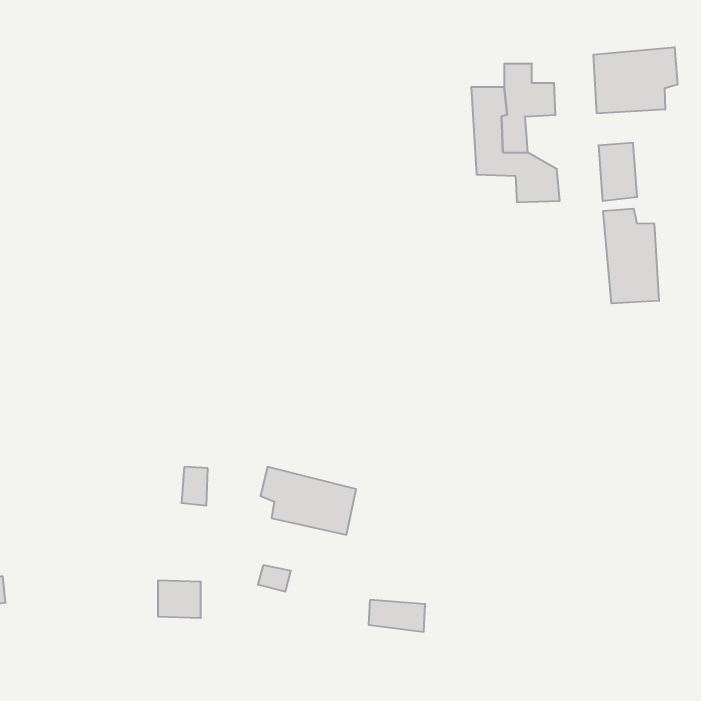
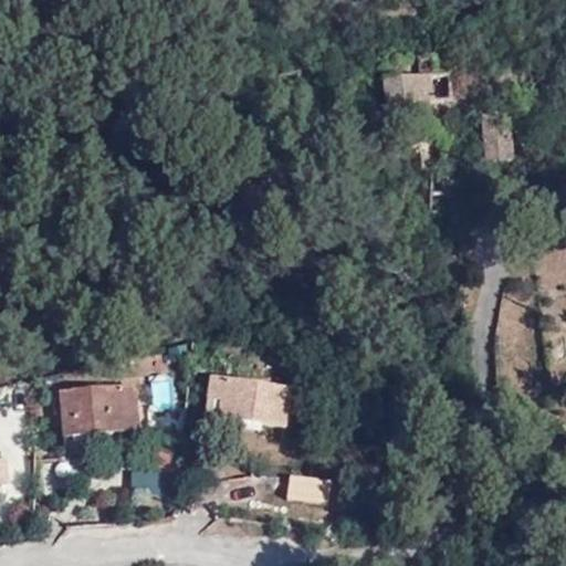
building: [593,47,677,113] -> none
building: [603,209,659,303] -> none
building: none -> [63,386,132,431]

